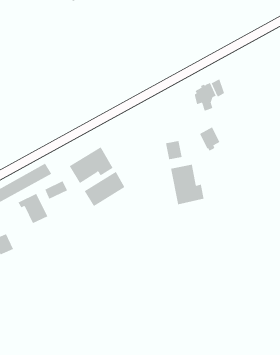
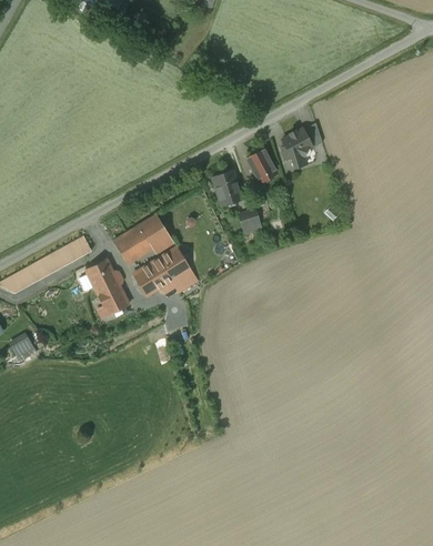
building: none -> [211,170,242,206]
building: [199,126,220,151] -> [246,149,274,182]
building: [171,164,204,205] -> none
building: [18,193,48,224] -> [87,273,128,314]

